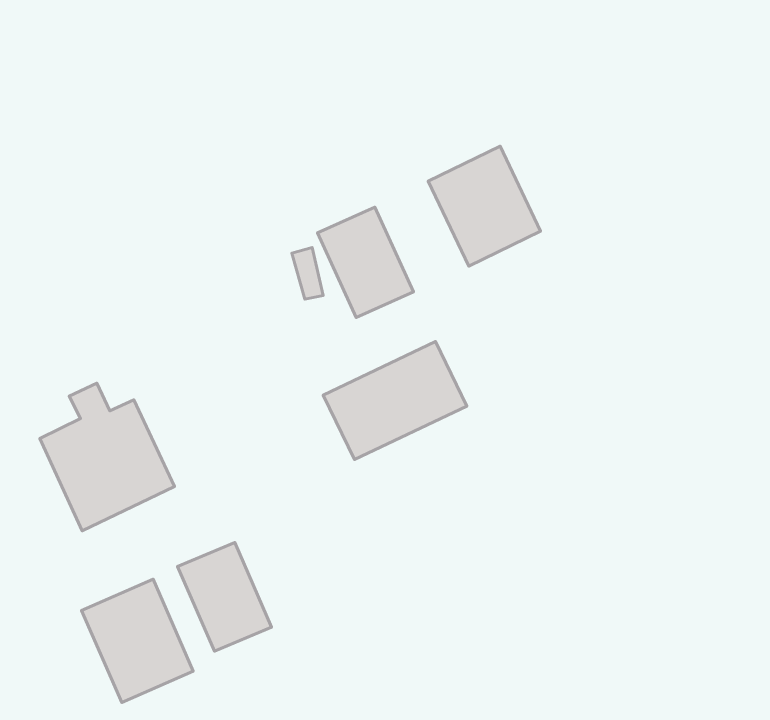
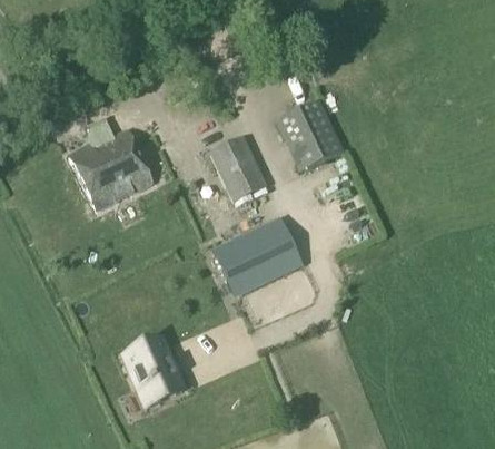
building: [40,383,174,531] -> [71,121,152,211]
building: [82,579,193,703] -> none

